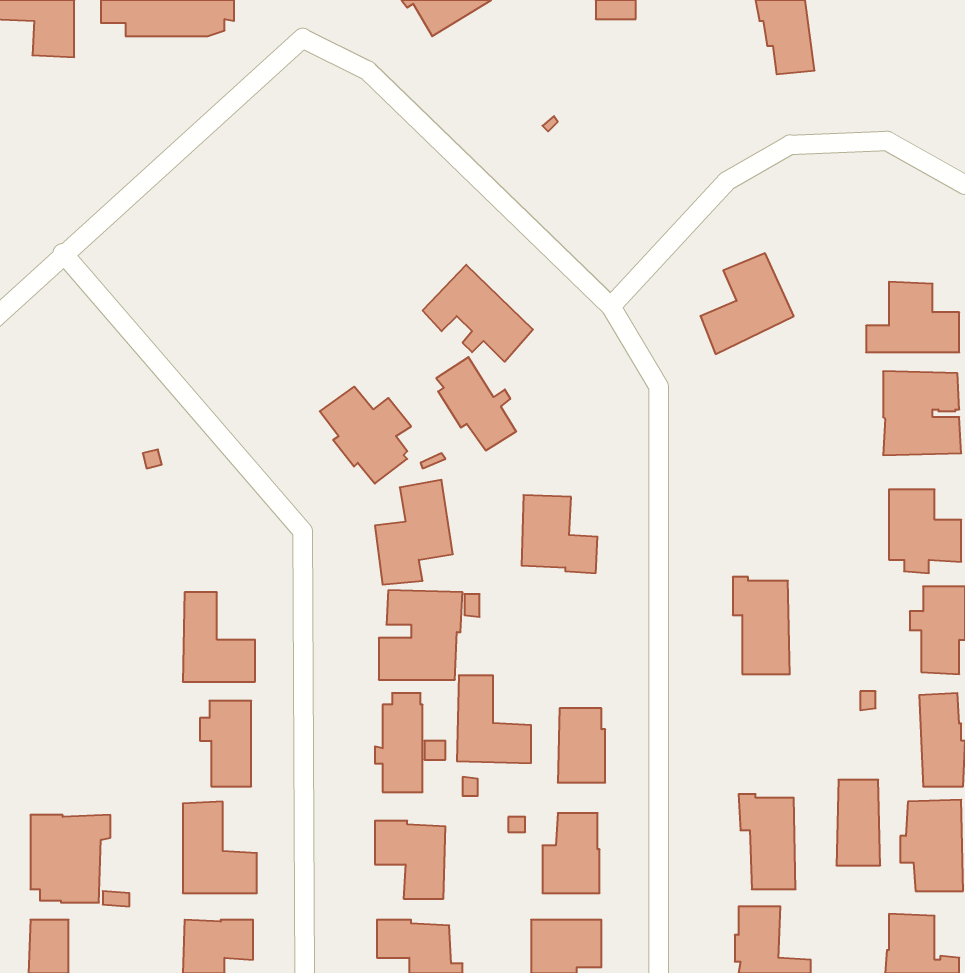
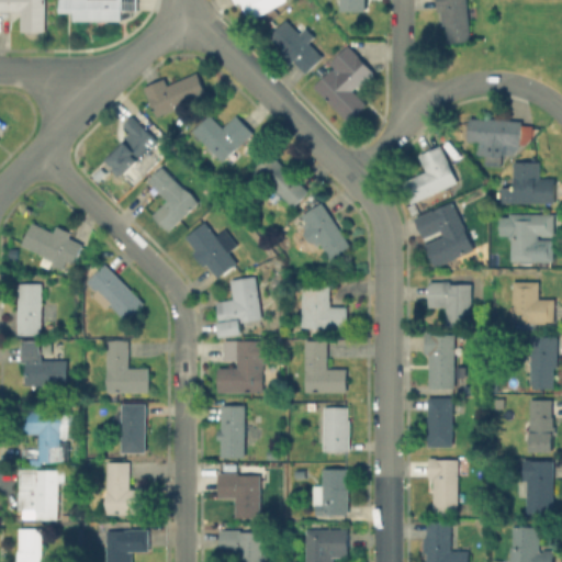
building: none -> [268,21,321,75]
building: none -> [313,46,372,122]
building: none -> [142,74,206,117]
building: none -> [191,115,250,162]
building: none -> [108,116,157,179]
building: none -> [468,119,539,167]
building: none -> [146,167,195,231]
building: none -> [416,203,473,266]
building: [436,357,516,450] -> [301,204,347,258]
building: none -> [21,224,80,273]
building: none -> [86,263,143,321]
building: none -> [427,283,468,328]
building: none -> [16,285,41,335]
building: none -> [21,341,66,385]
building: [457,675,531,763] -> [304,341,347,392]
building: none -> [16,412,67,467]
building: [836,780,880,865] -> [428,398,453,448]

